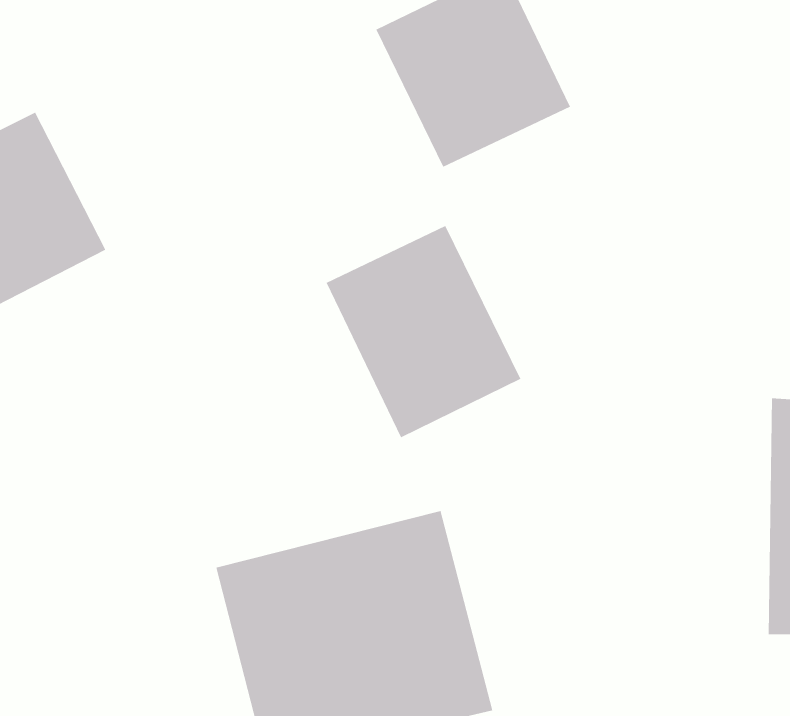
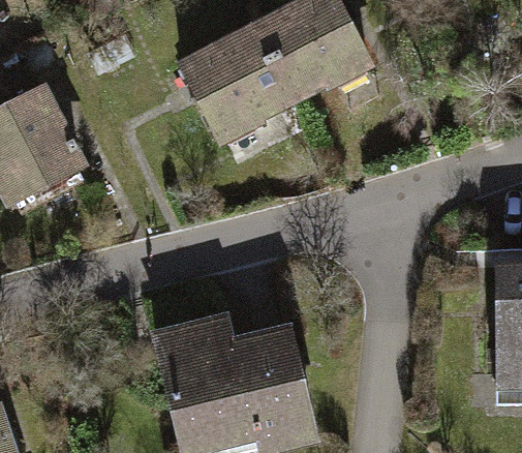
building: none -> [170,24,291,148]
building: [326,225,521,438] -> none

